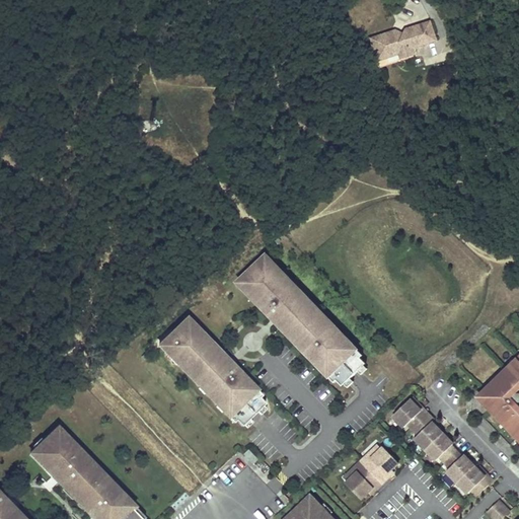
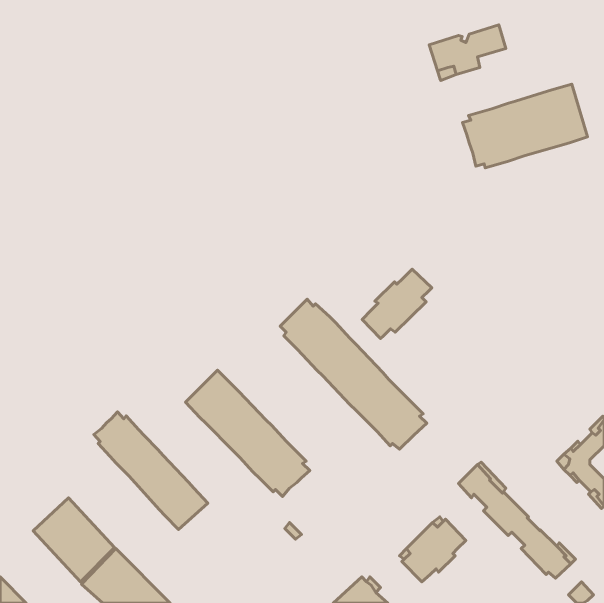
building: none -> [462,84,587,168]
building: none -> [362,269,432,338]
building: none -> [94,412,208,530]

